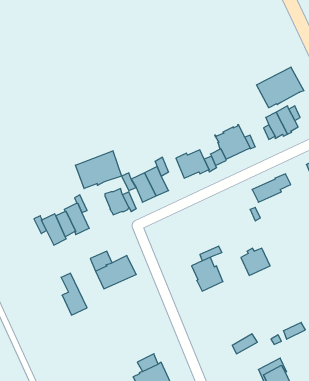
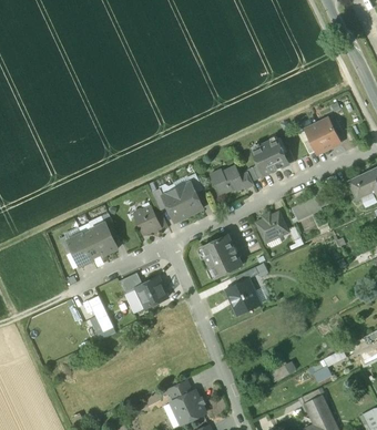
building: [257,67,304,108] -> none
building: [75,151,122,189] -> none
building: none -> [201,235,241,277]
building: [241,248,270,275] -> [256,213,287,242]

